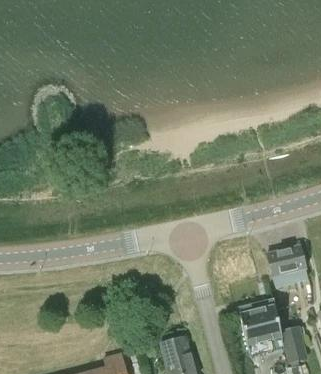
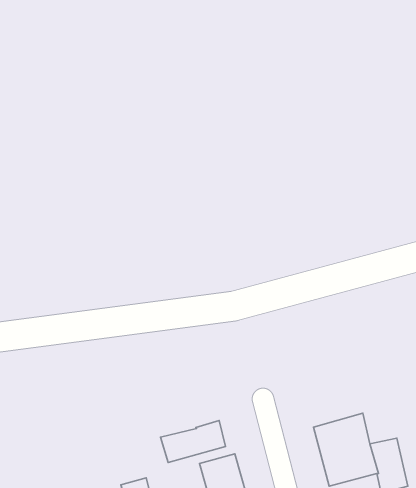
building: [266,246,307,288] -> none
building: none -> [160,420,226,463]

